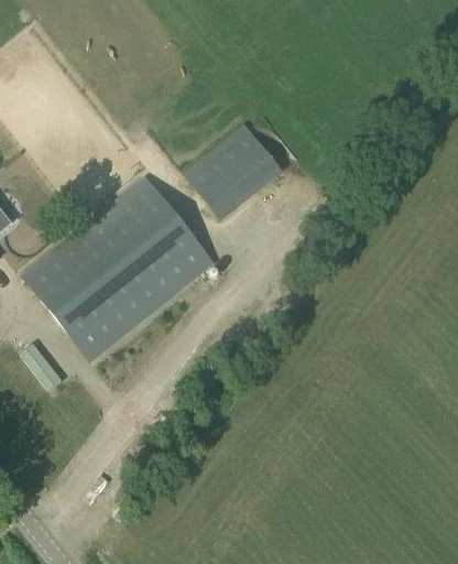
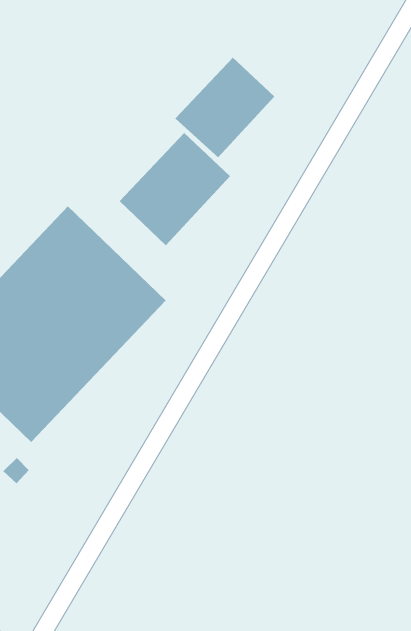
building: none -> [175,57,275,158]

